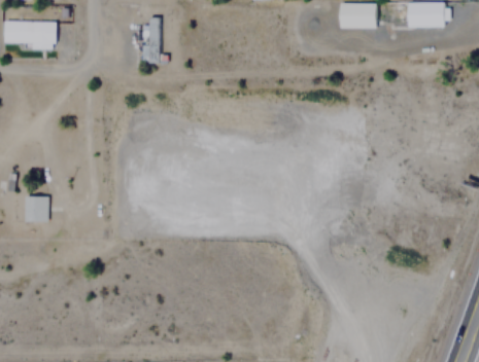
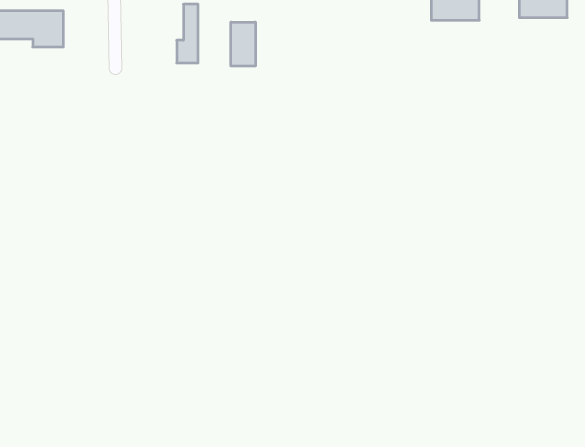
building: none -> [231,22,255,66]
building: [25,196,48,223] -> none

